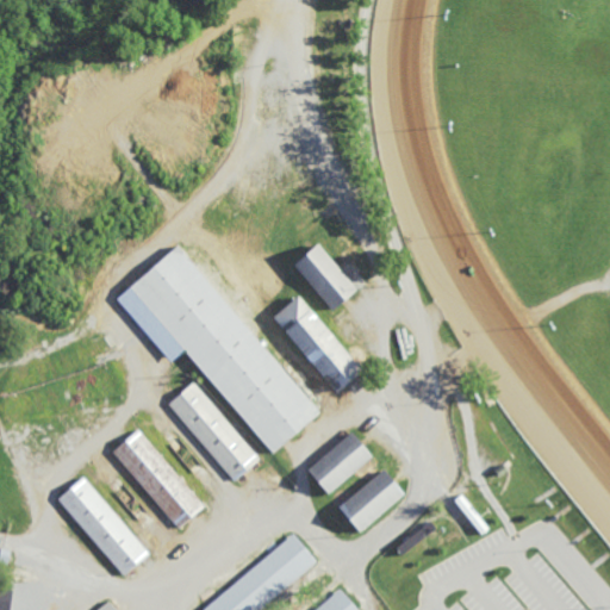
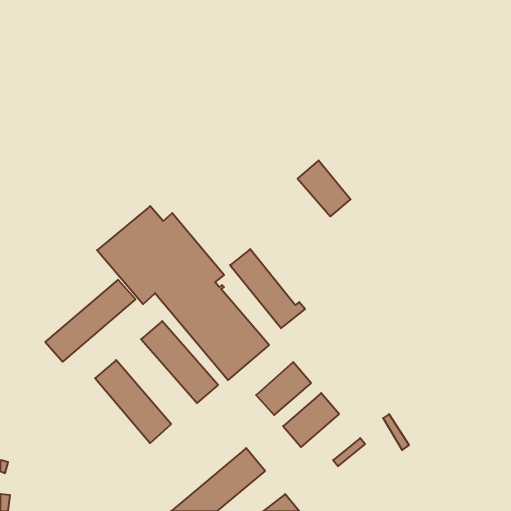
building: [291,242,354,309] -> [298,160,351,216]
building: none -> [45,280,135,362]
building: [57,477,149,575] -> none

